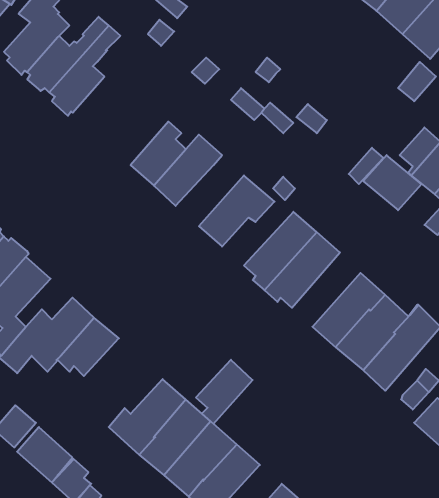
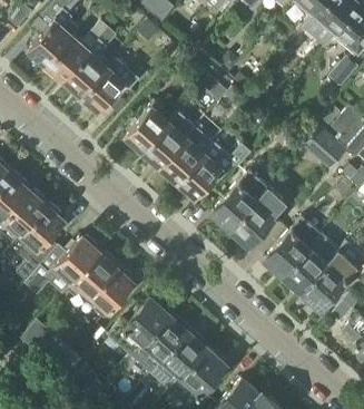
building: none -> [81,56,140,111]
building: none -> [160,127,213,182]
building: [196,360,253,424] -> [90,267,134,317]

